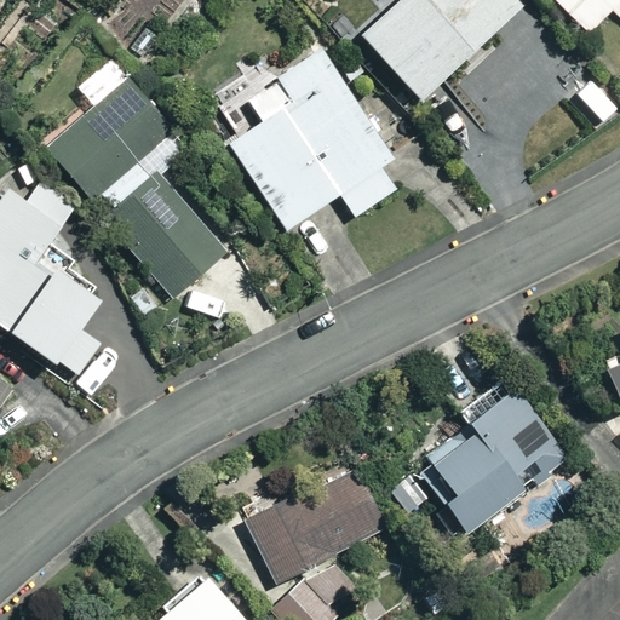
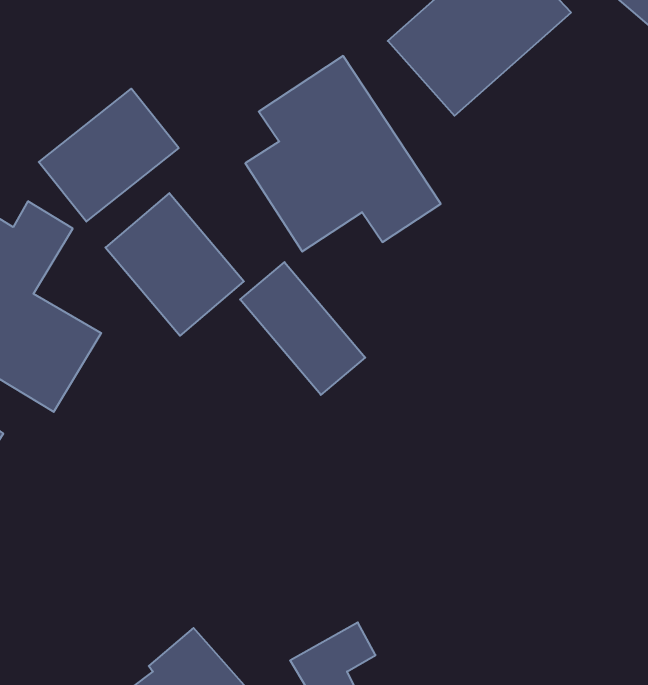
building: none -> [240,262,365,395]
building: [434,389,563,532] -> none
building: [240,461,378,576] -> none

